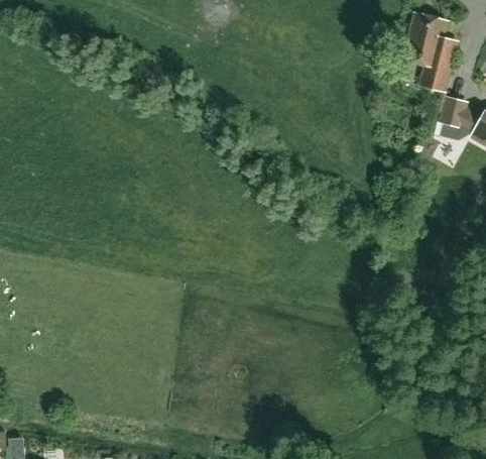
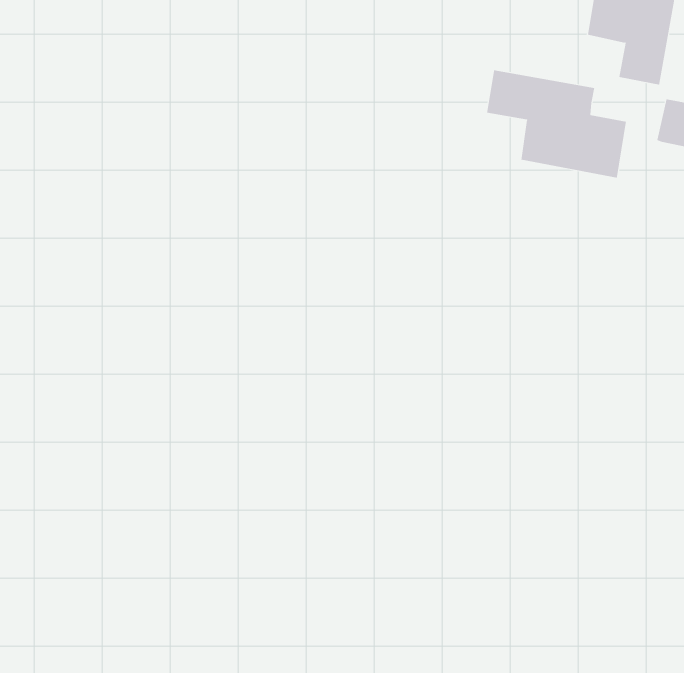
building: none -> [486,70,626,178]

